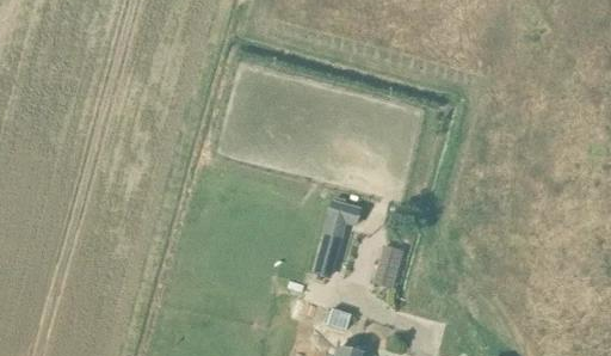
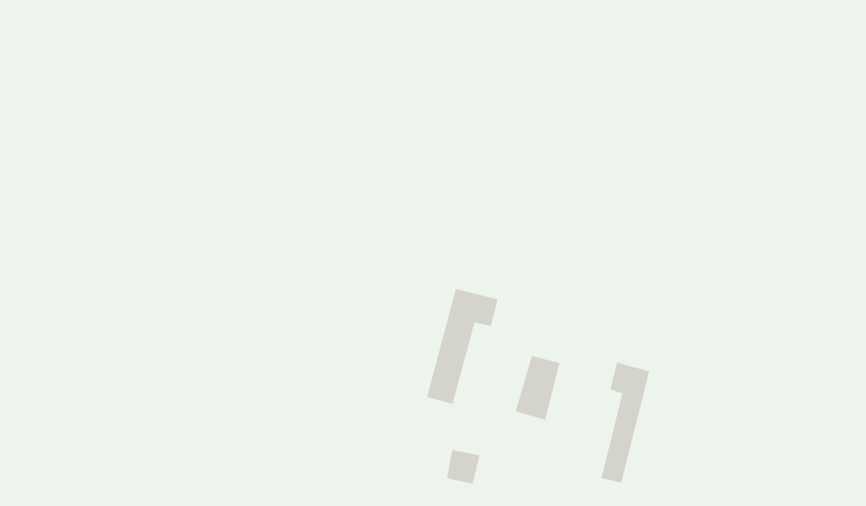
building: none -> [601,362,650,484]

